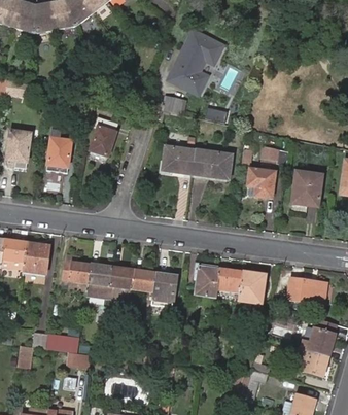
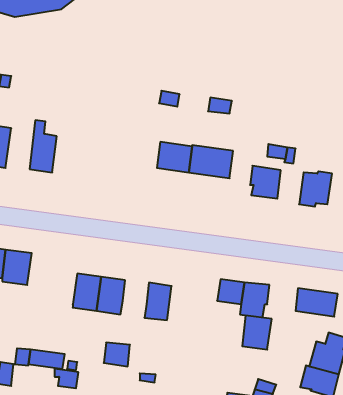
building: [168,29,223,95] -> none
building: [91,114,117,154] -> none
building: [63,261,91,291] -> none
building: [194,266,220,297] -> [242,316,272,350]
building: [132,270,155,291] -> [104,343,130,366]

